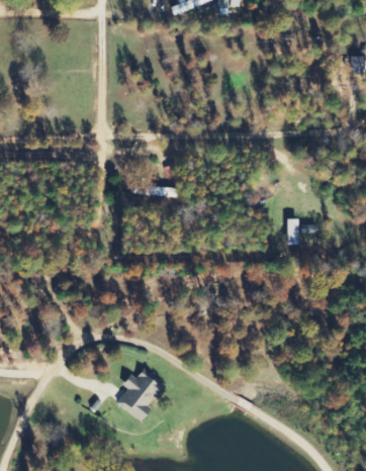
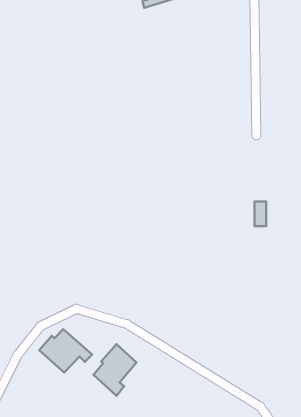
building: none -> [39,329,92,373]

